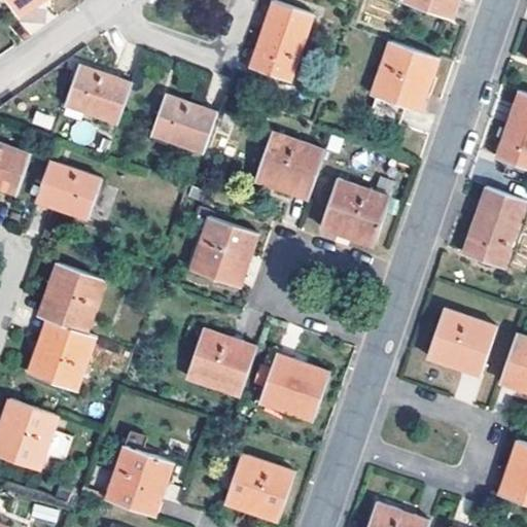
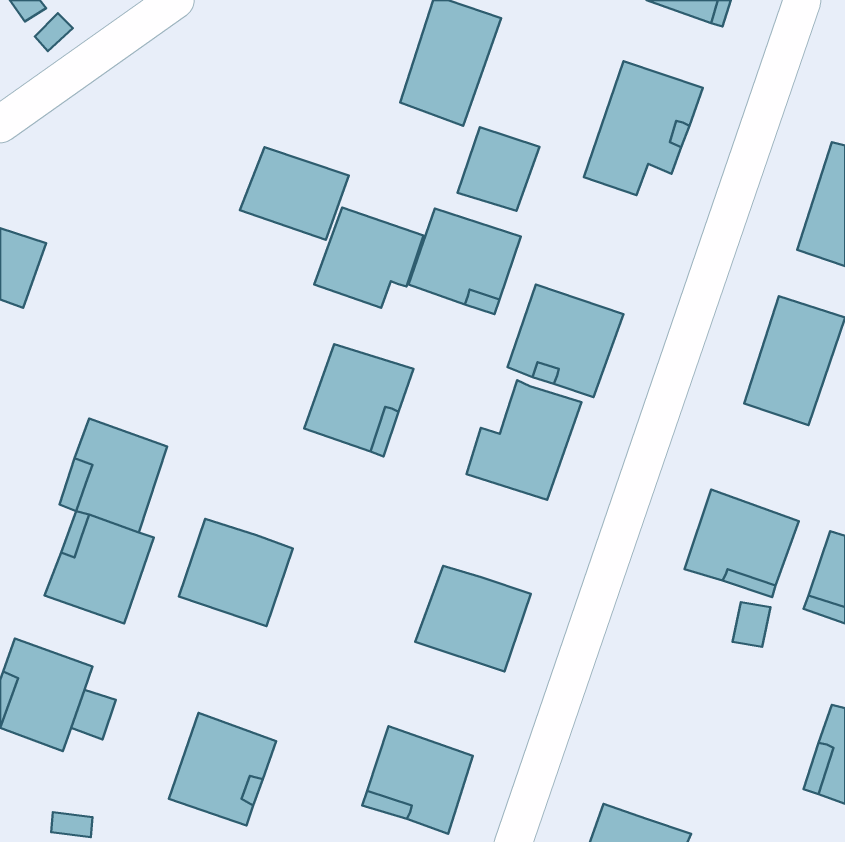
building: [65,65,131,121] -> none
building: none -> [458,127,539,211]
building: none -> [314,208,424,308]
building: [34,160,102,218] -> none
building: none -> [467,380,582,500]
building: [185,328,256,395] -> [179,519,293,626]

